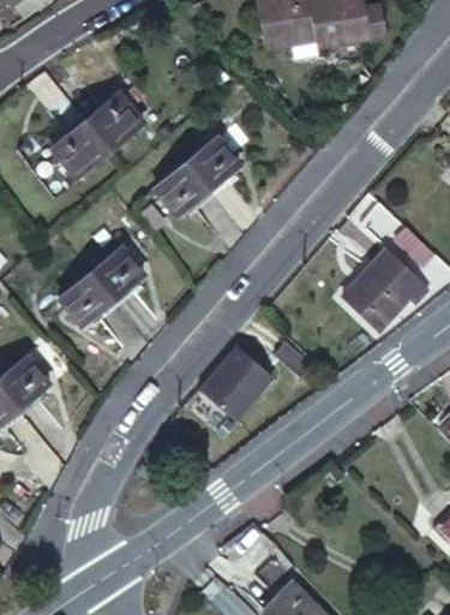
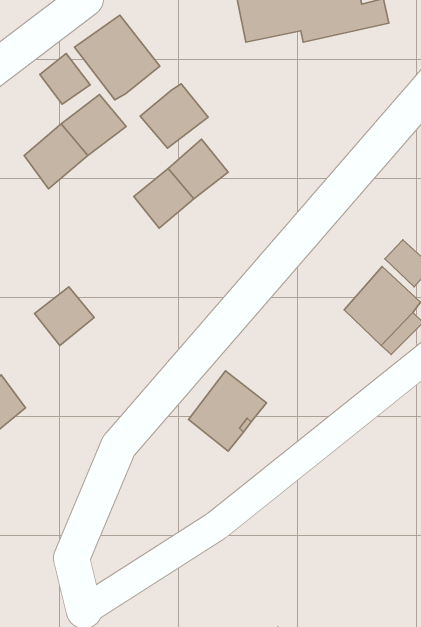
building: none -> [75,15,160,100]
building: none -> [40,53,90,104]
building: none -> [140,84,208,148]
building: [90,247,143,300] -> none

